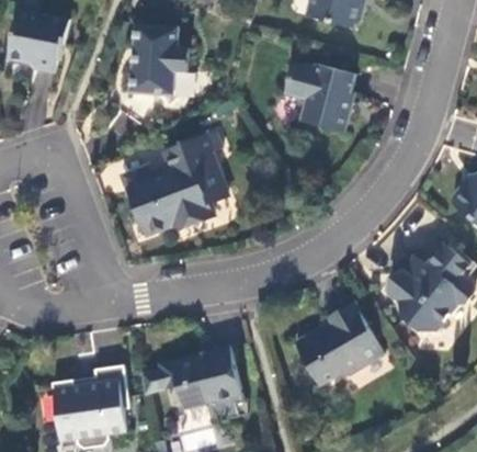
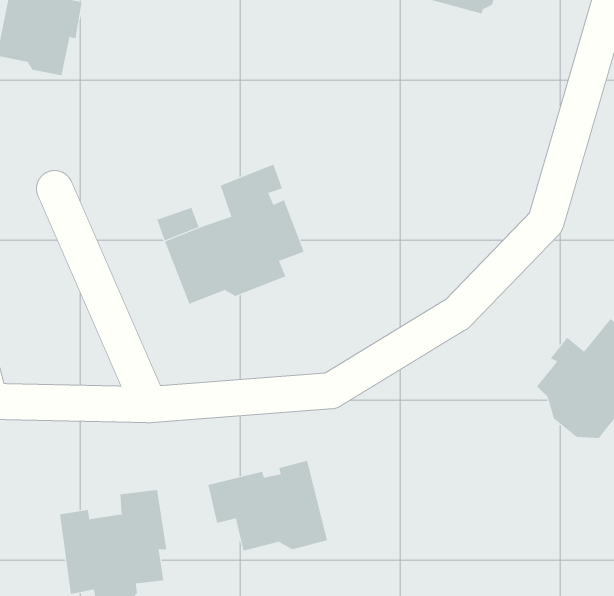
building: [129,23,188,95] -> none
building: [285,63,355,132] -> none
building: [295,302,384,385] -> none

